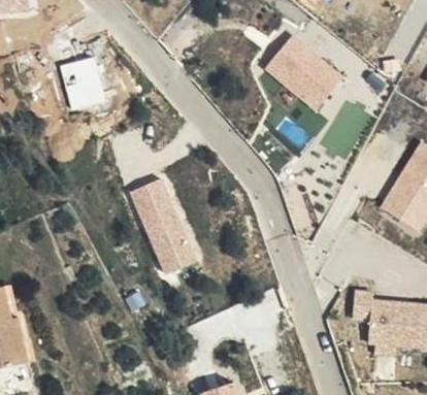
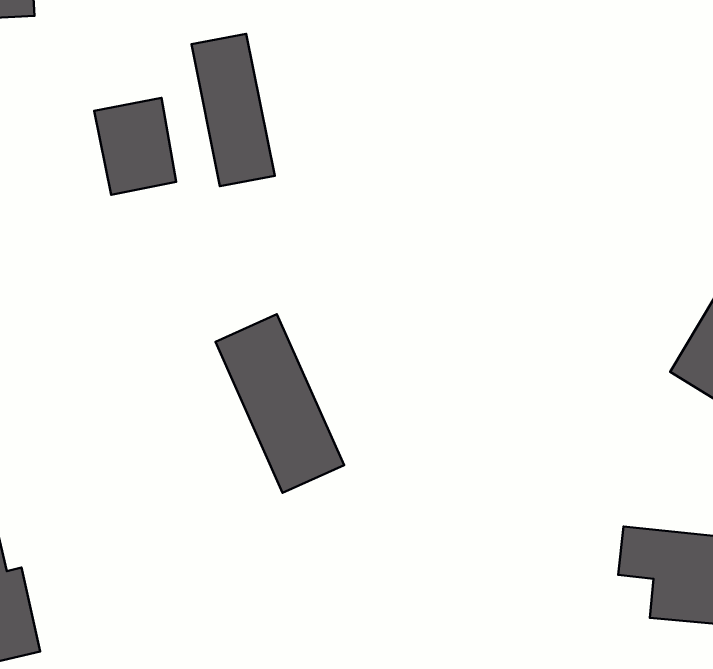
building: none -> [192,34,275,186]
building: [253,25,344,110] -> none

